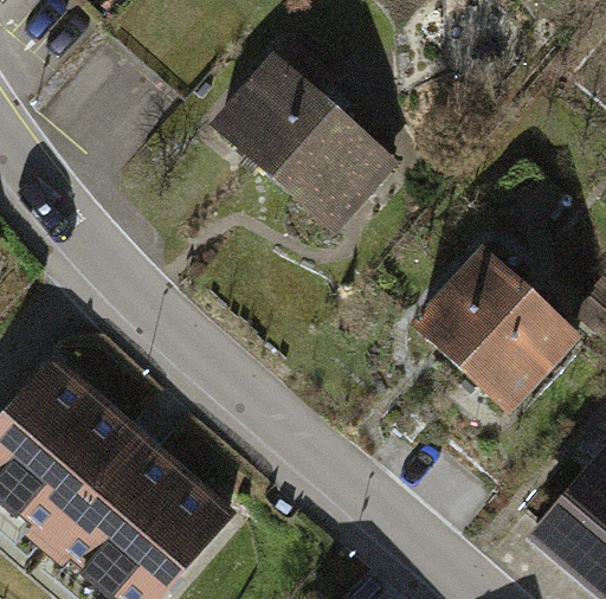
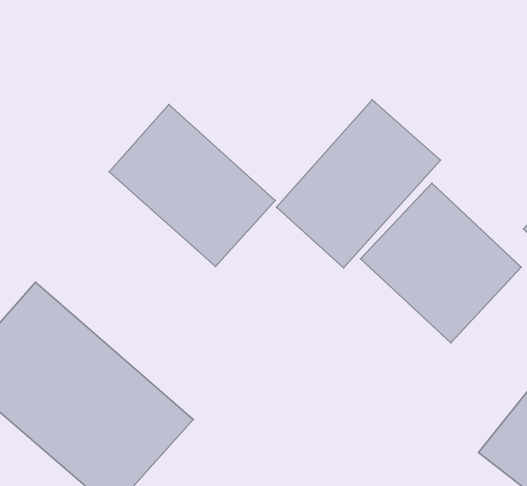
building: [214,49,399,228] -> [109,105,275,267]
building: none -> [276,100,440,268]

